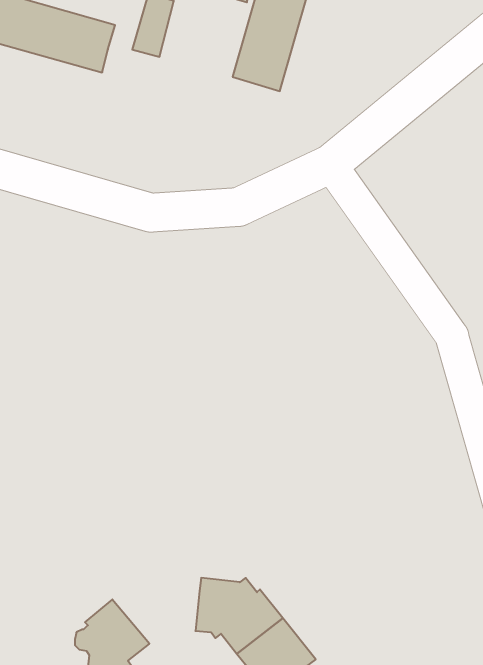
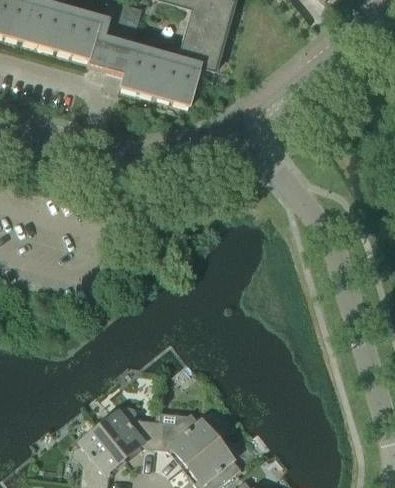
building: none -> [88,41,200,104]
building: none -> [98,404,159,456]

